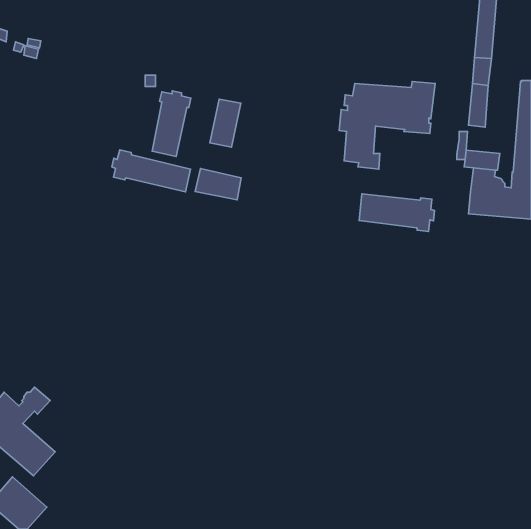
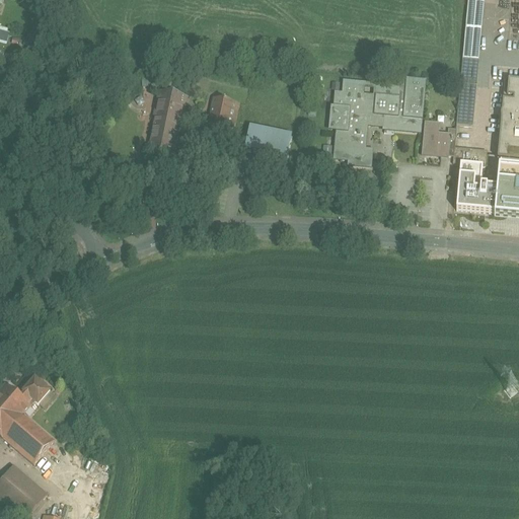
building: none -> [423,123,446,154]
building: [112,150,191,192] -> none
building: [195,168,241,200] -> [244,125,289,155]
building: [359,194,434,231] -> none

